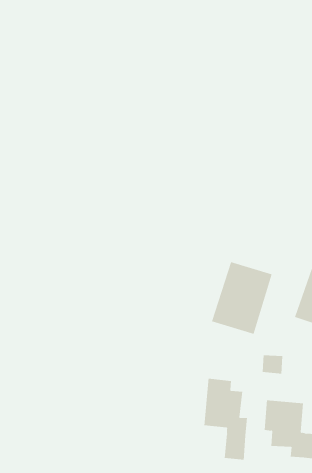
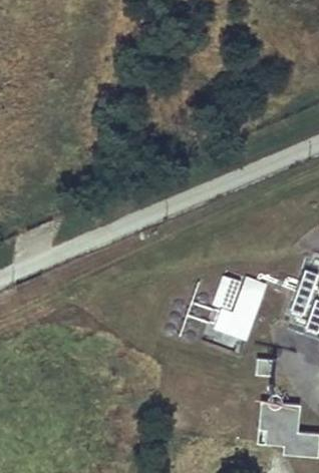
building: [204,378,248,460] -> none

